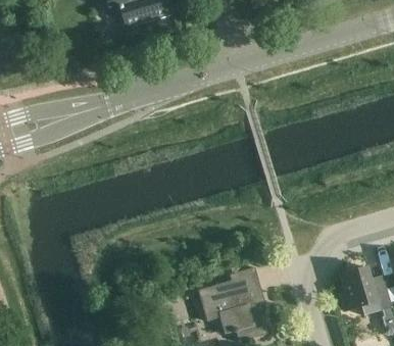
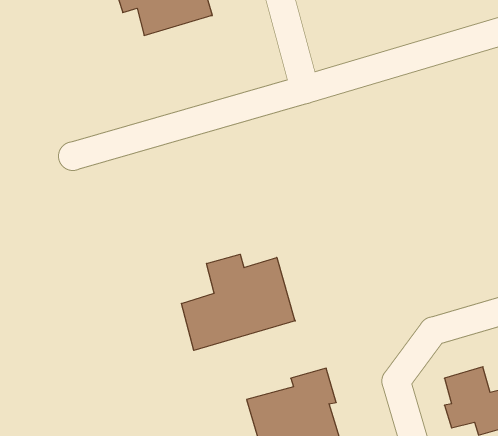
building: none -> [181,254,295,350]

